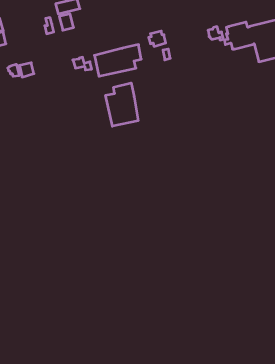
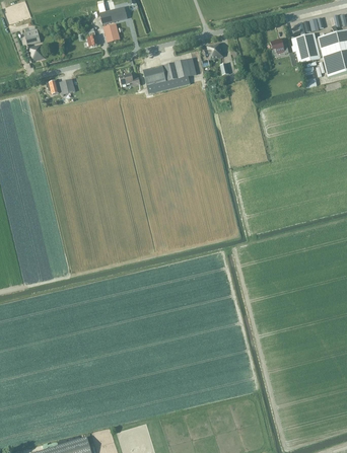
building: [106,83,138,126] -> none

